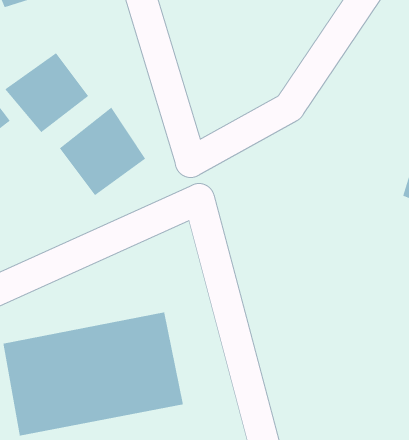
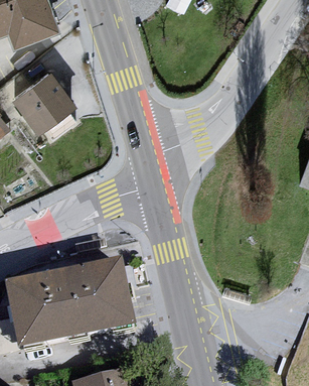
building: [59,107,146,196] -> none

